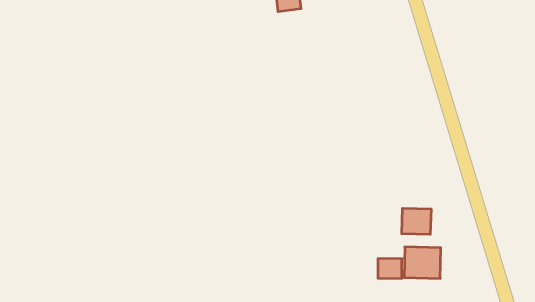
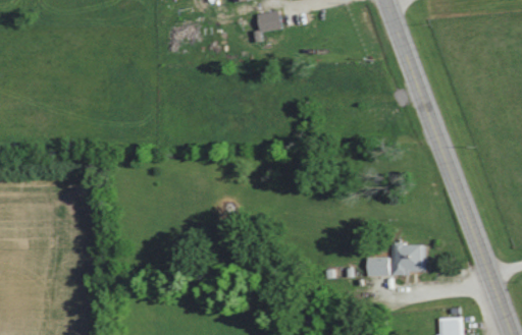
building: [402,208,431,234] -> none

